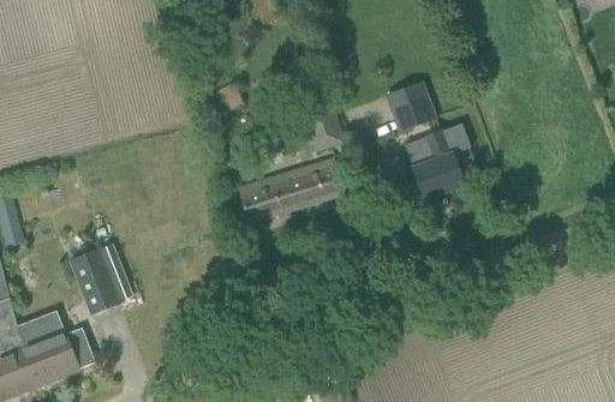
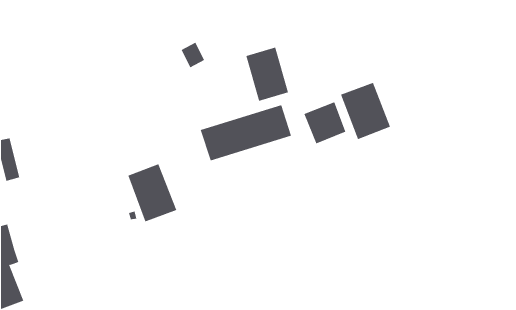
building: [383,82,434,132] -> [304,102,346,144]
building: [72,244,131,313] -> [128,164,177,222]
building: [12,313,95,389] -> none

